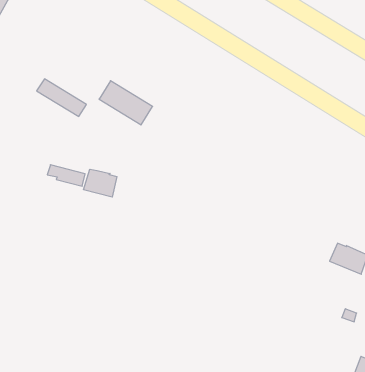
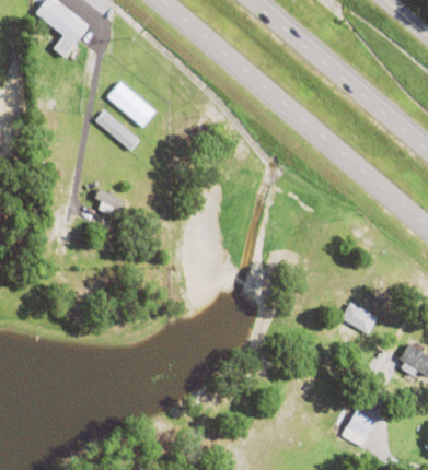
building: [99,81,153,125] -> [107,81,155,126]
building: [84,169,117,197] -> none

